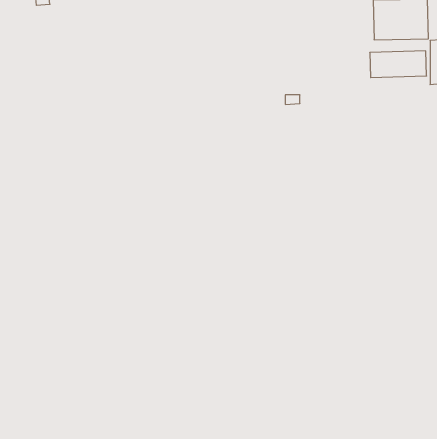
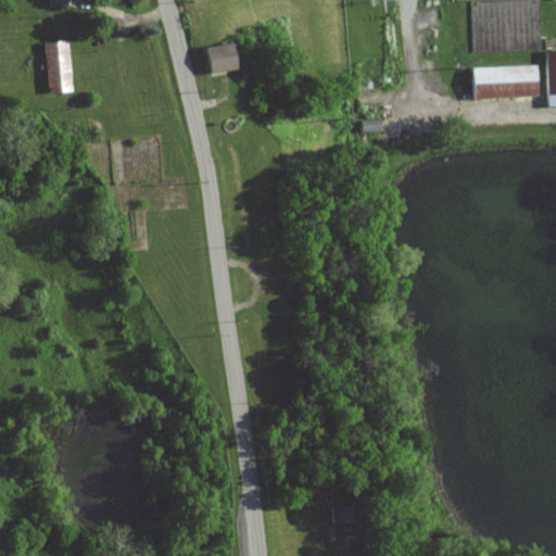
building: none -> [45,40,75,92]
building: none -> [203,42,239,72]

